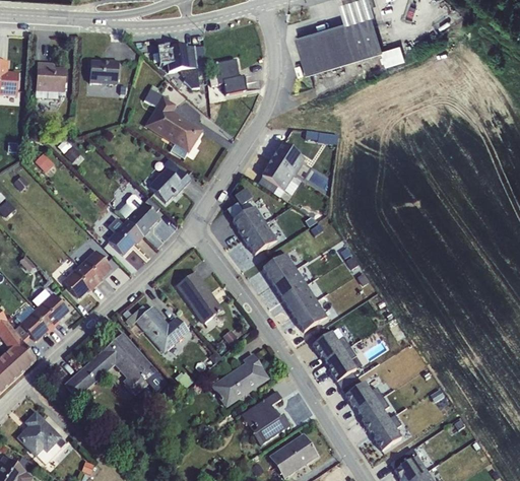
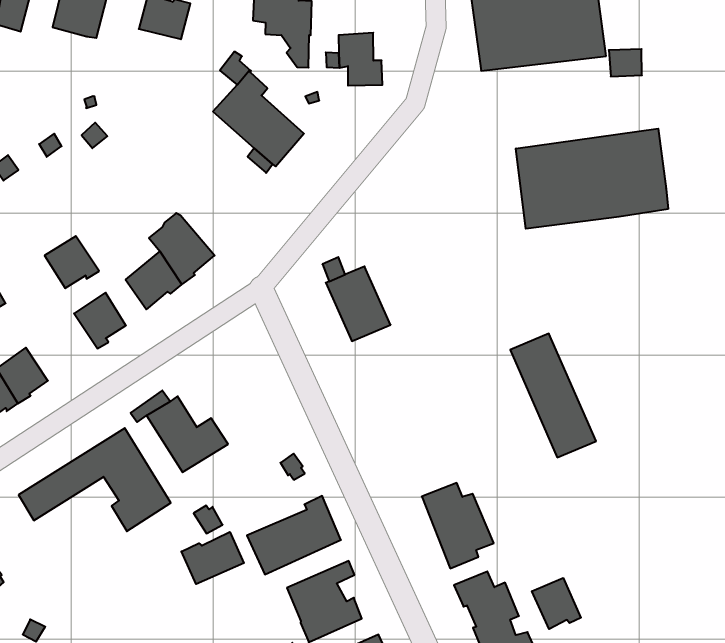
building: none -> [516,129,668,229]
building: [262,145,304,191] -> none
building: [149,167,191,202] -> none
building: [264,254,327,330] -> [510,334,596,457]
building: [62,266,98,299] -> [45,236,99,288]
building: [176,271,223,324] -> none
building: none -> [532,578,581,629]
building: none -> [181,532,244,584]

